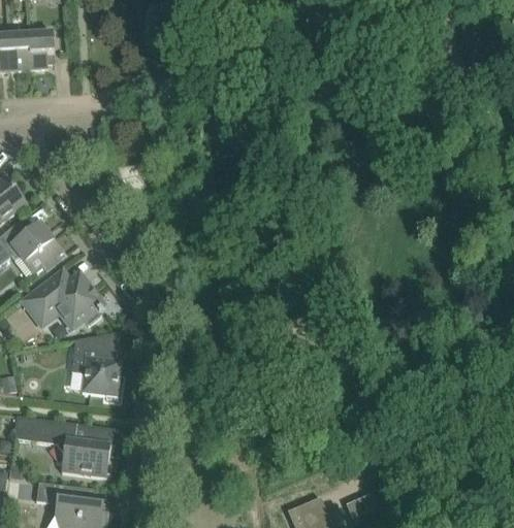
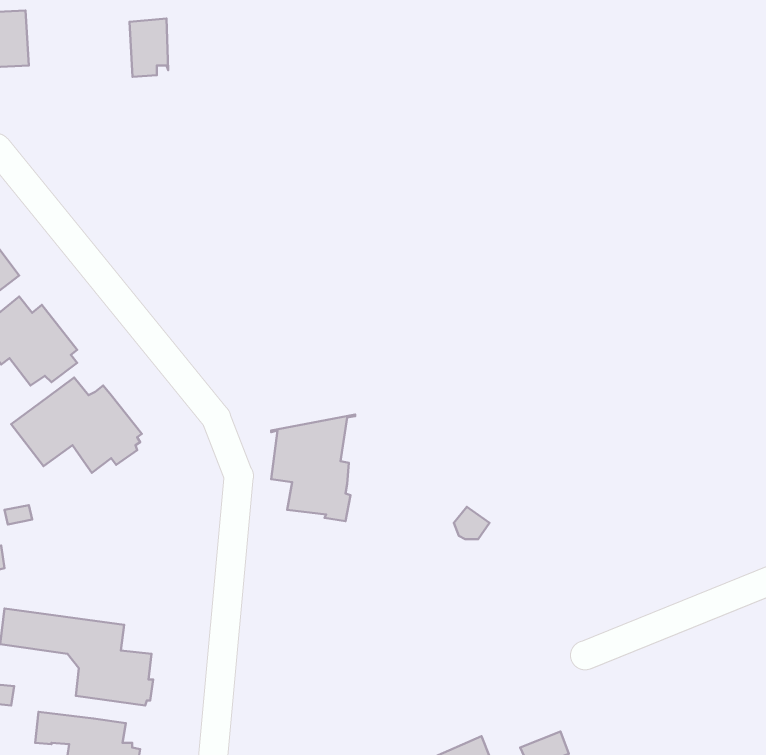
building: [29,32,54,69] -> [129,19,168,77]
building: [70,331,124,399] -> [271,414,355,521]

